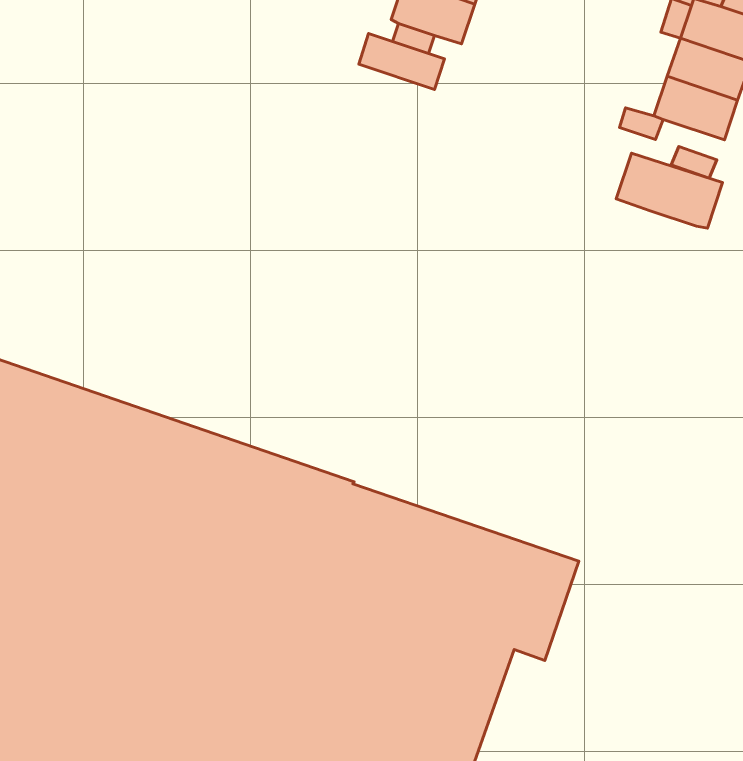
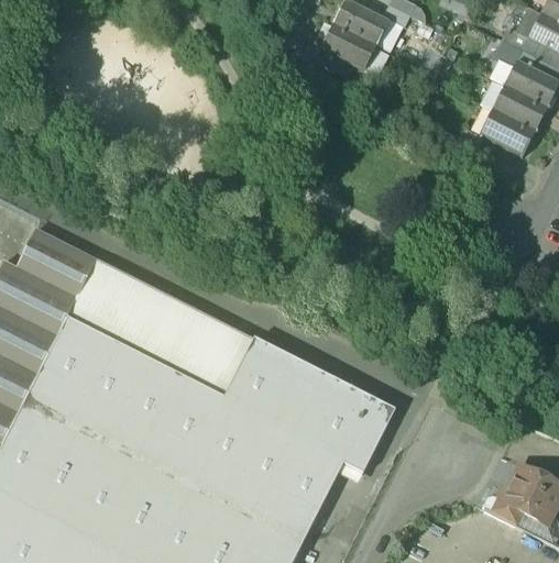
building: [359,34,444,89] -> none
building: [616,153,723,228] -> none

